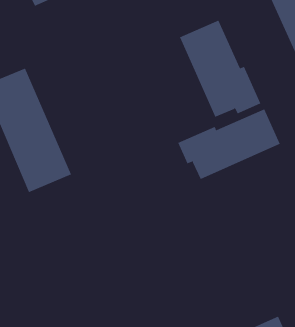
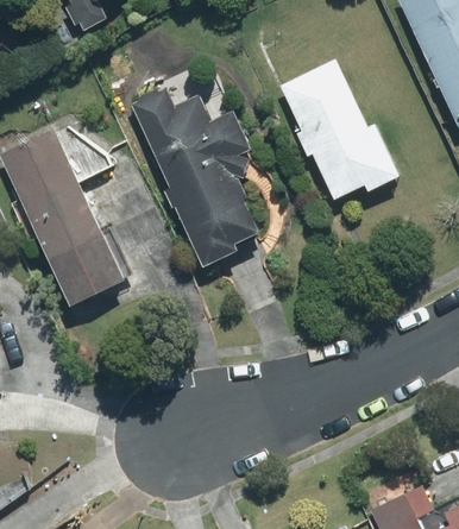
building: none -> [130,87,256,270]
building: [178,109,280,180] -> none

